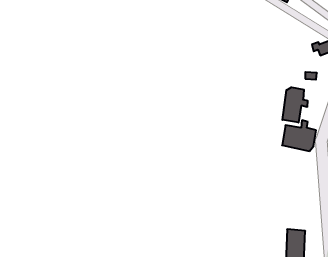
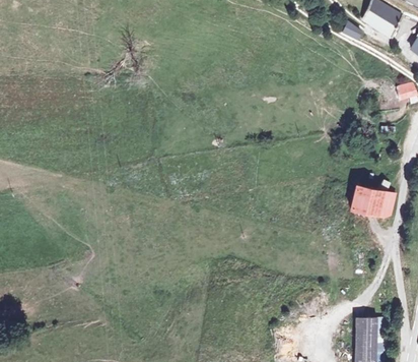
building: [282,87,308,123] -> none

